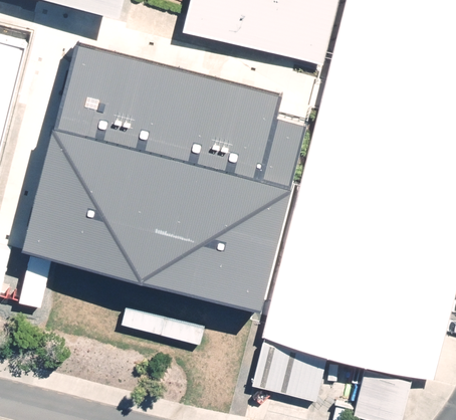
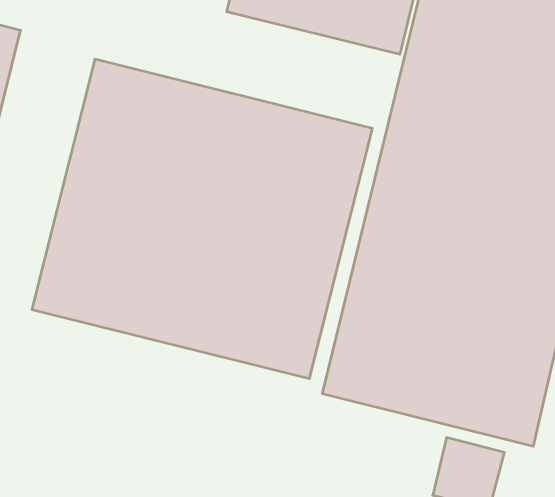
building: [254,335,325,392] -> none

